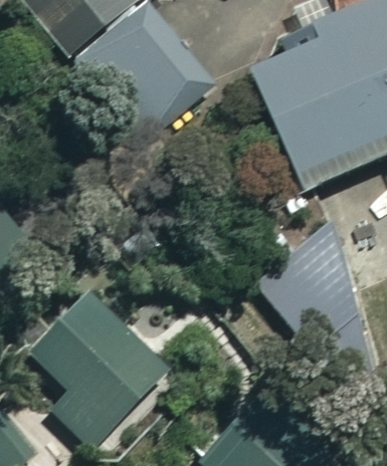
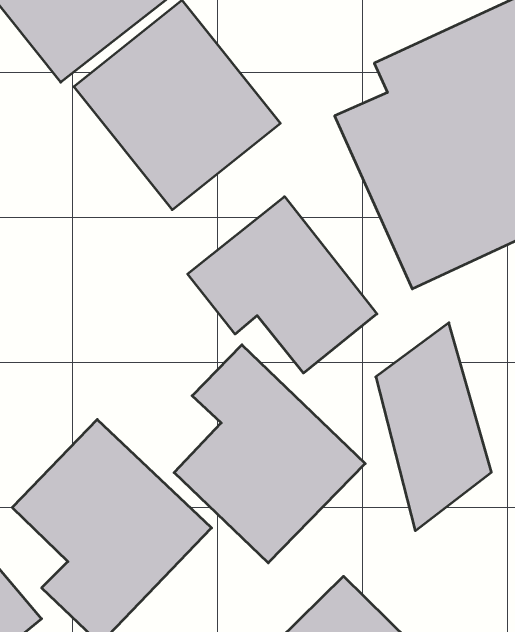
building: none -> [188,197,377,373]
building: none -> [174,345,365,563]

